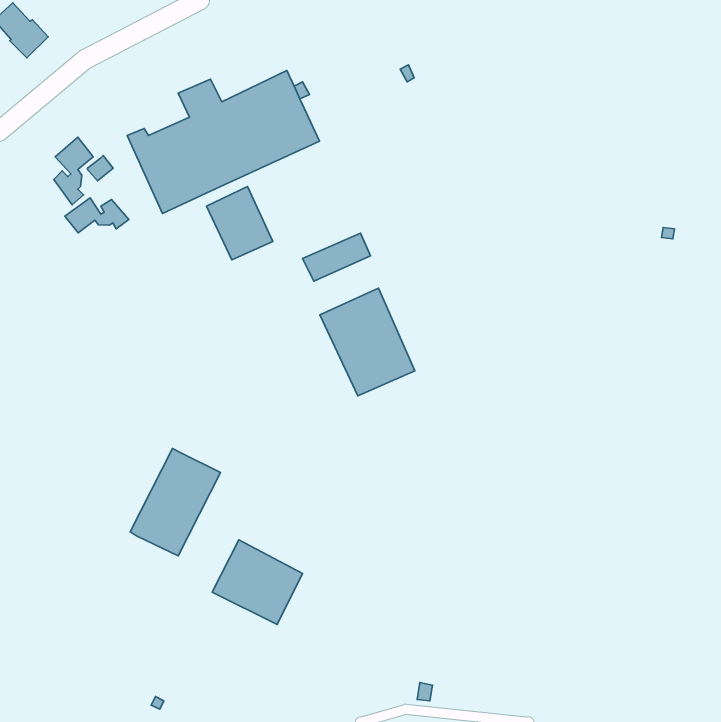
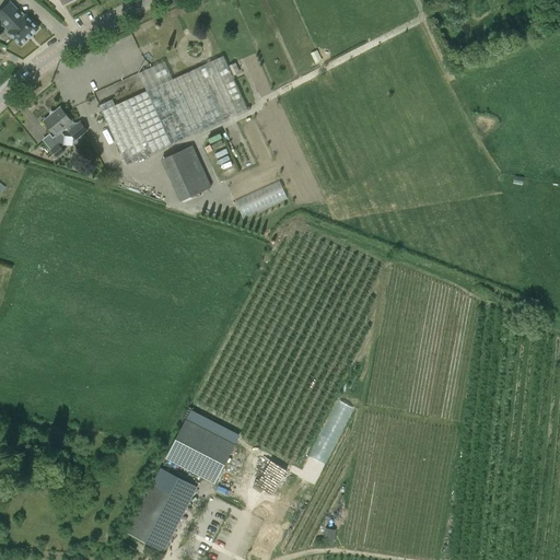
building: [65,198,129,233] -> none
building: [320,288,415,396] -> none
building: [130,449,221,556] -> [126,468,196,551]

